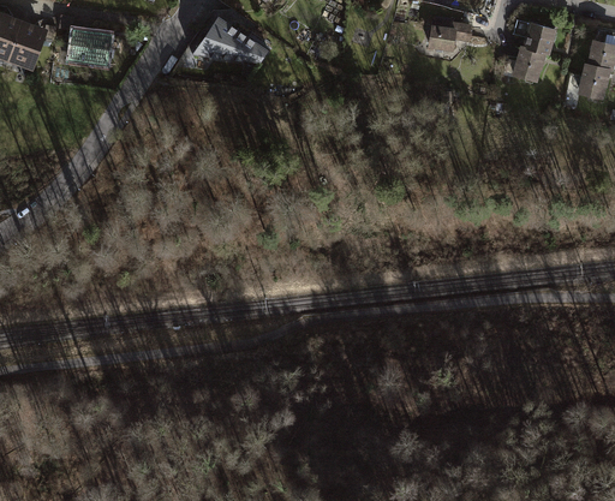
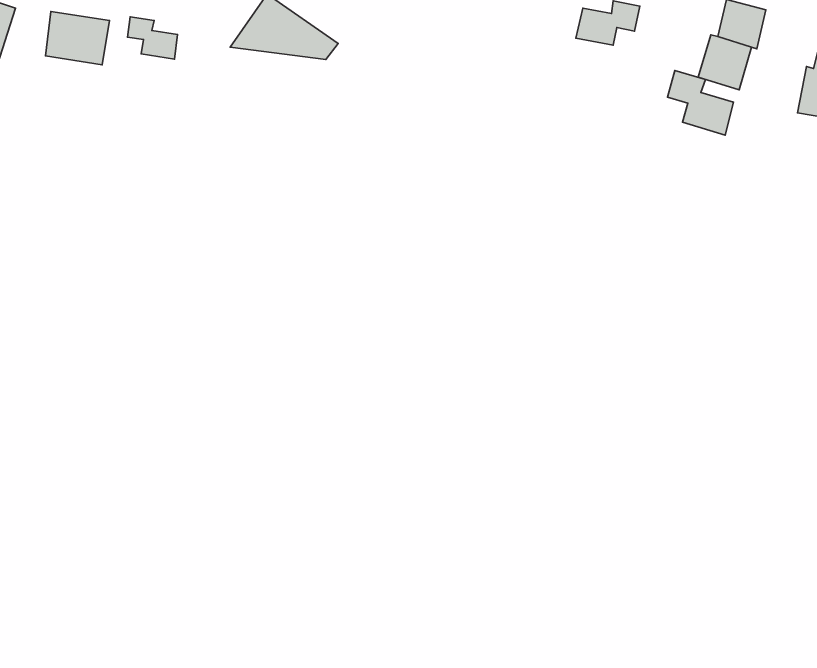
building: none -> [127,17,177,59]
building: none -> [668,71,733,135]

